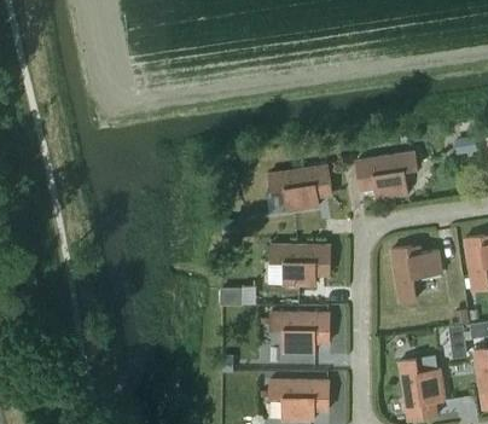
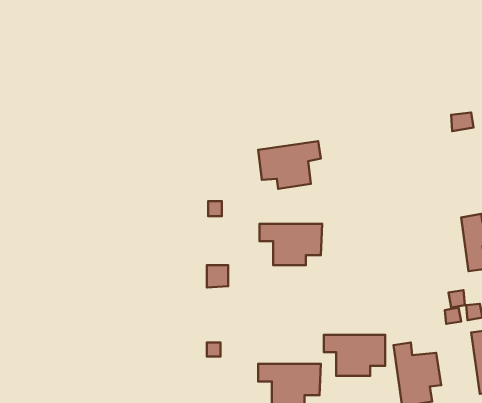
building: [356,152,417,198] -> none
building: [391,246,442,302] -> none
building: [271,313,330,353] -> [324,335,385,376]

